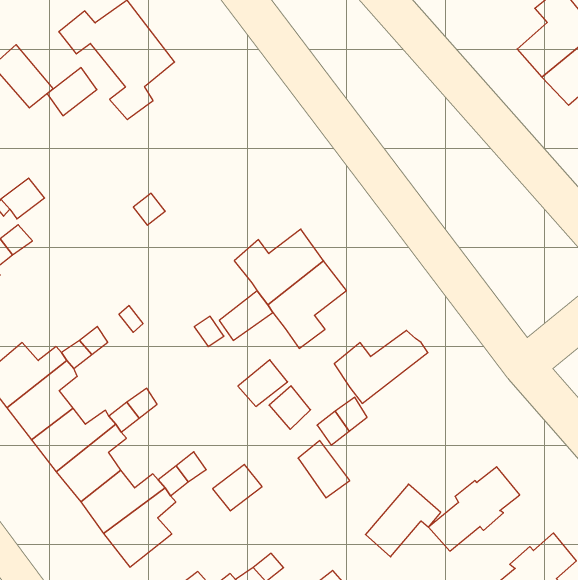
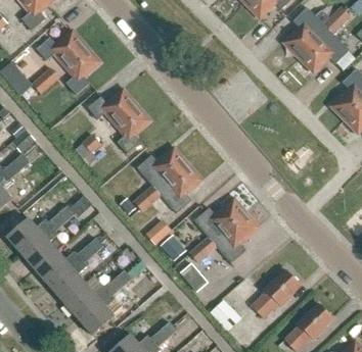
building: none -> [88,90,149,153]
building: none -> [213,210,259,261]

